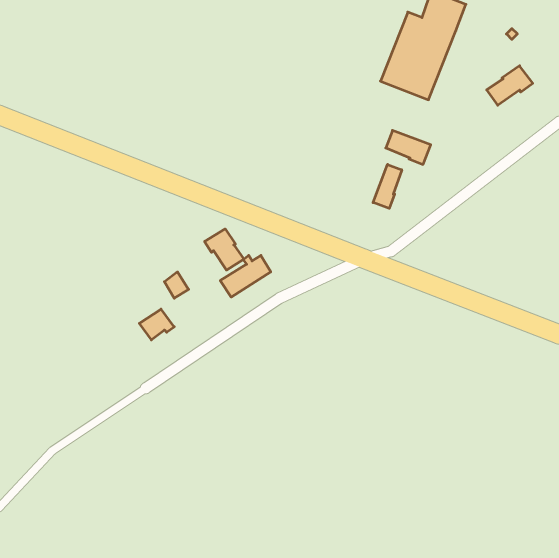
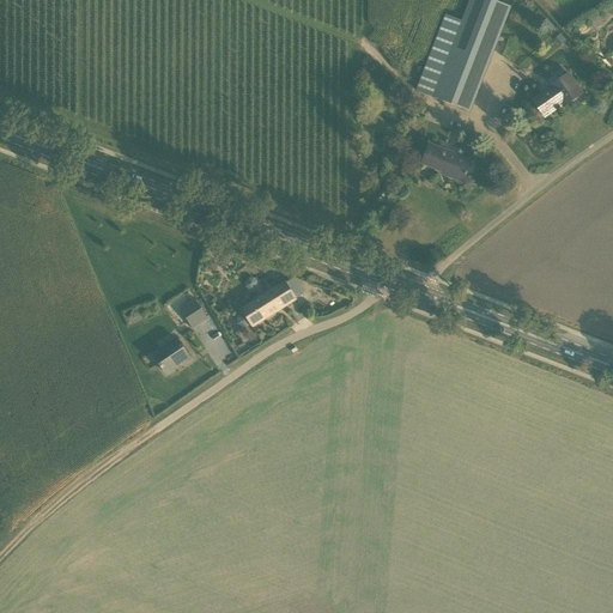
building: [373,164,402,208] -> none
building: [205,229,244,270] -> none

